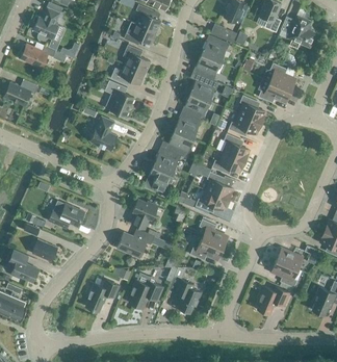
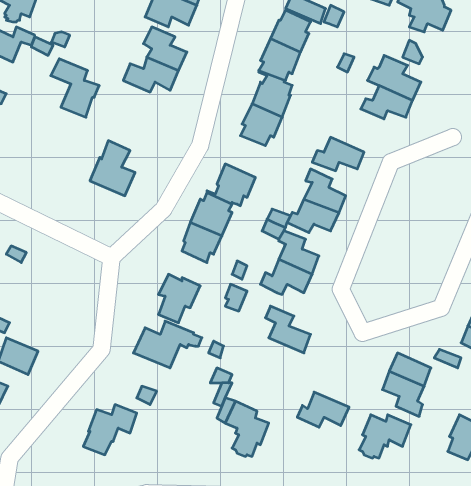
building: [104,80,134,117] -> [51,59,99,117]
building: [239,95,265,123] -> none
building: [174,112,199,138] -> none
building: [49,201,84,228] -> none
building: [190,238,223,260] -> [297,392,349,427]
building: [129,279,162,308] -> none

